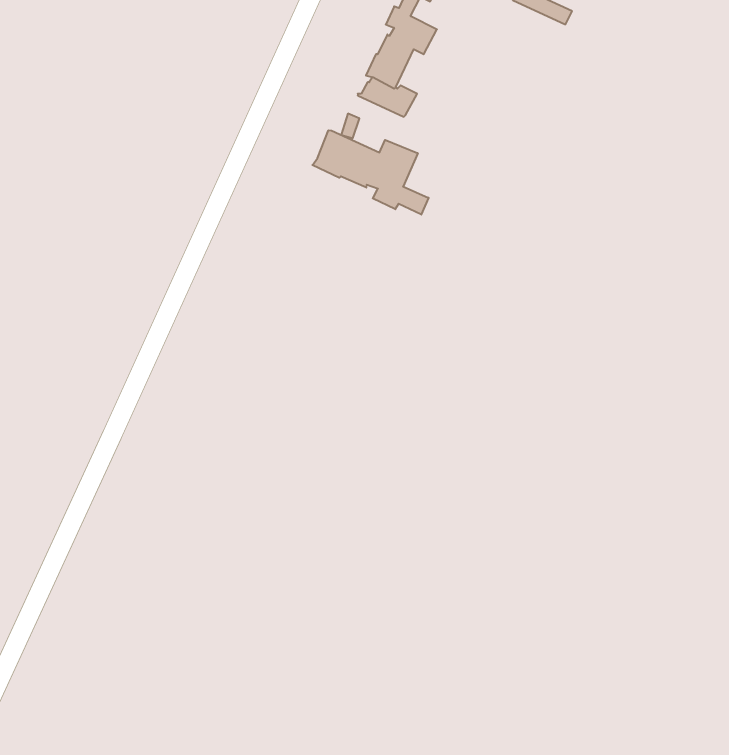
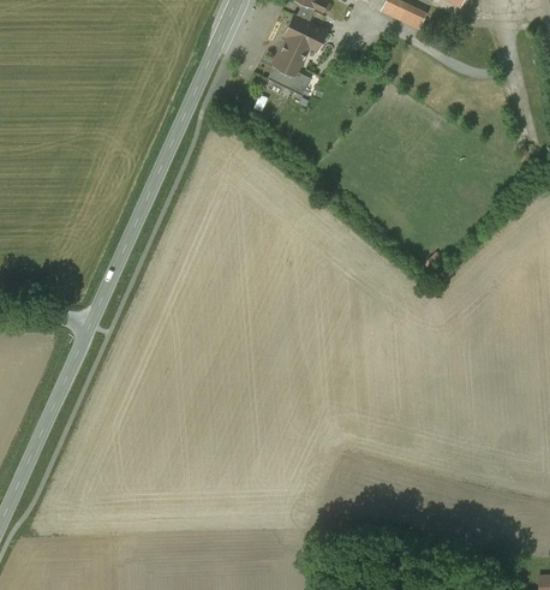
building: [312,130,429,215] -> none

